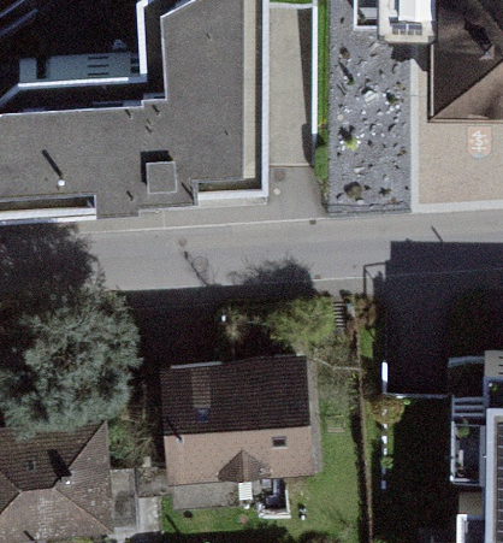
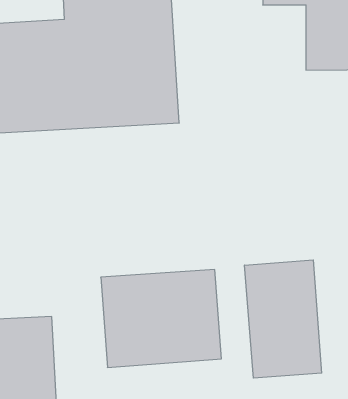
building: none -> [245,260,322,378]

